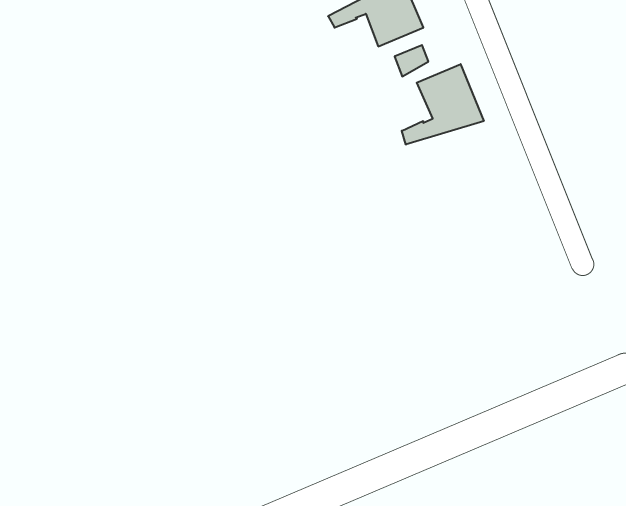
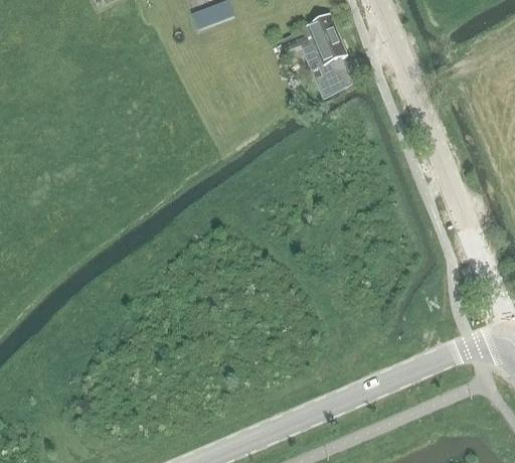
building: [402,64,484,145] -> none

